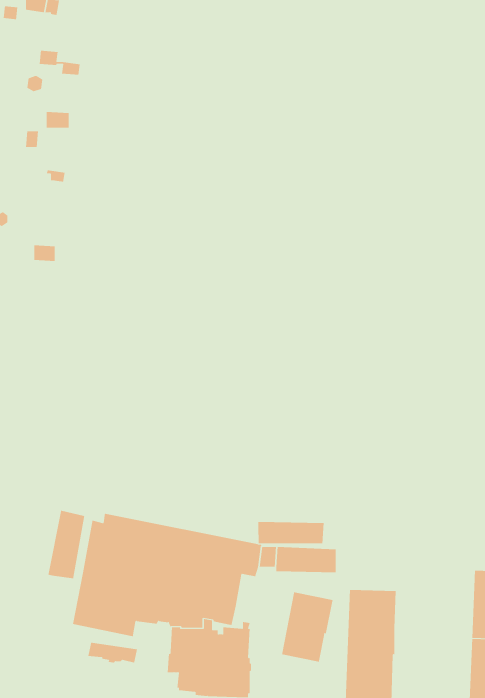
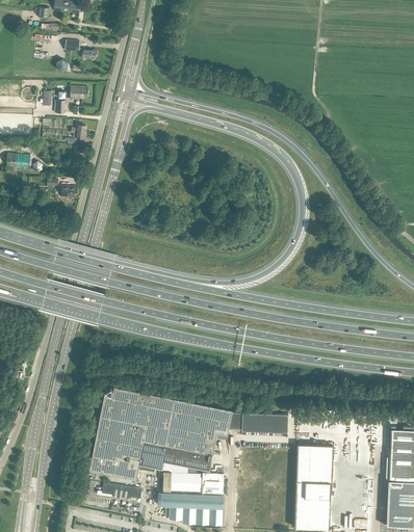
building: [48,510,85,579] -> none
building: [258,521,324,544] -> none
building: [281,592,333,662] -> none

